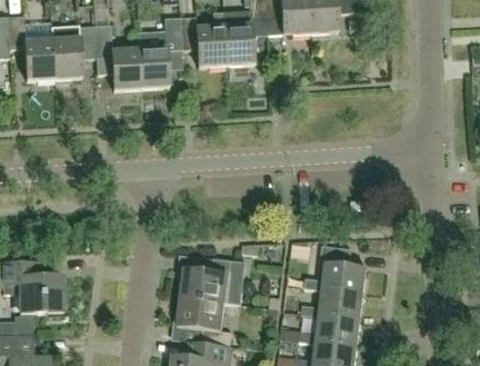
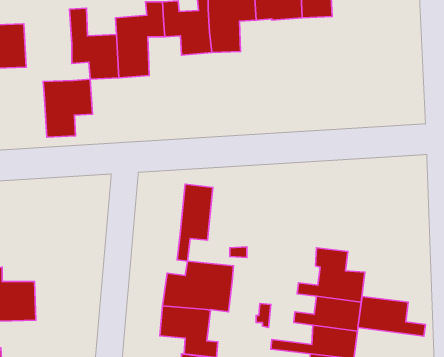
building: [51,24,97,78] -> [43,79,92,137]
building: none -> [177,184,213,261]
building: none -> [358,296,426,336]

